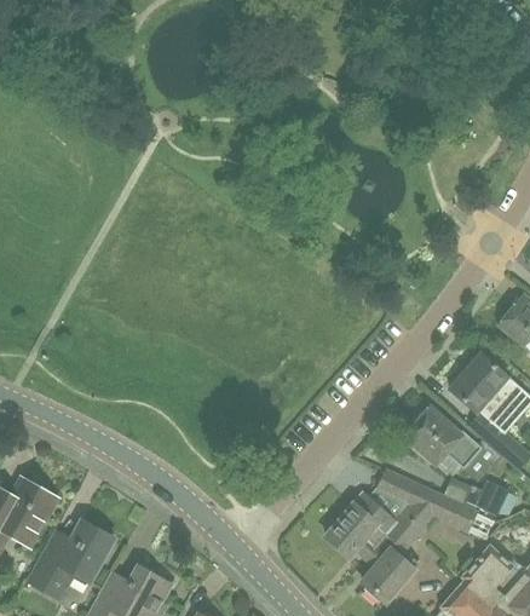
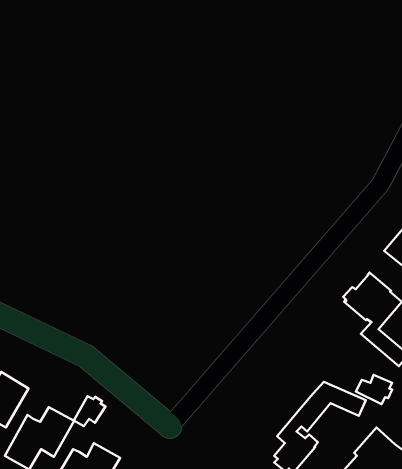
building: [408,410,483,476] -> none
building: [379,471,425,503] -> none
building: [326,493,397,557] -> none
building: none -> [74,396,105,426]

